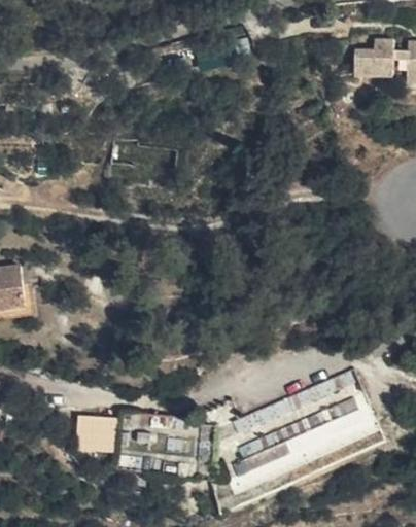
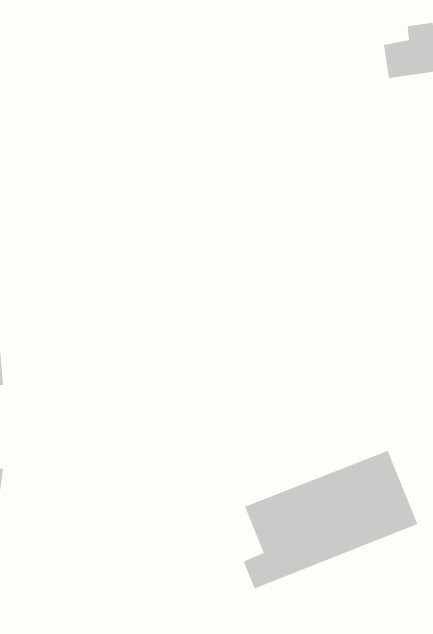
building: [75,416,115,453] -> none

